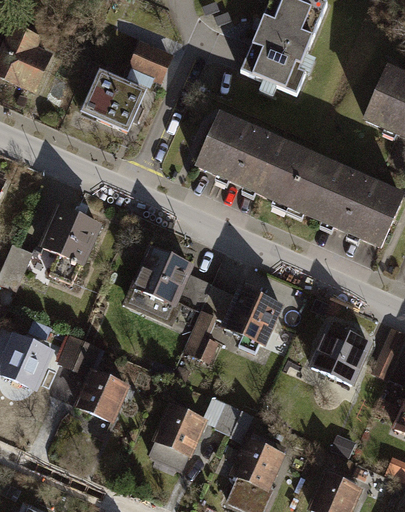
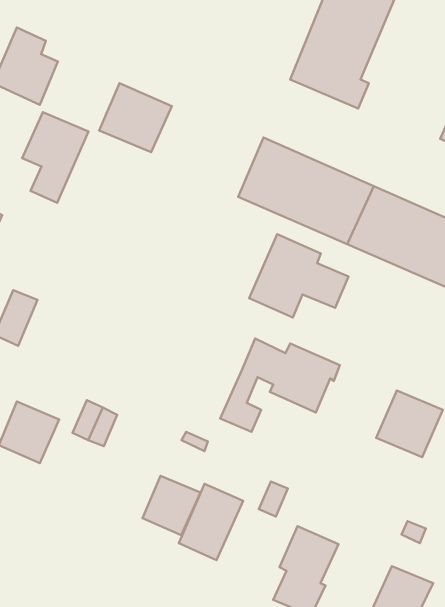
building: [131,41,171,78] -> none
building: [44,207,99,282] -> [22,112,89,203]
building: [131,248,213,317] -> [249,234,349,318]
building: [79,370,127,419] -> [142,476,201,535]

